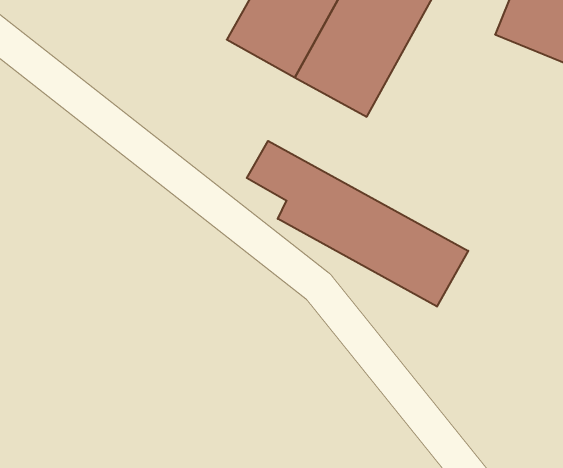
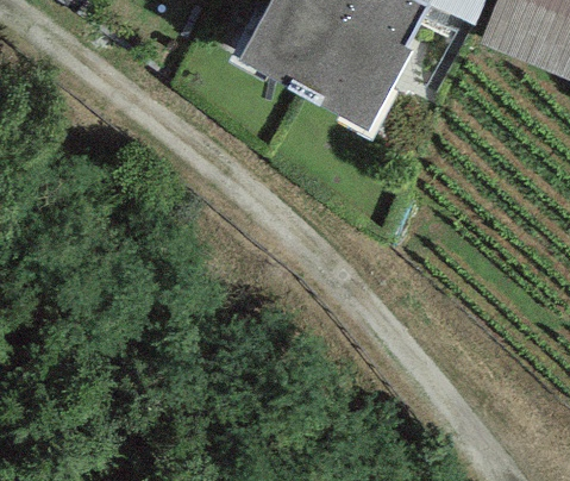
building: [247,141,468,307] -> none

